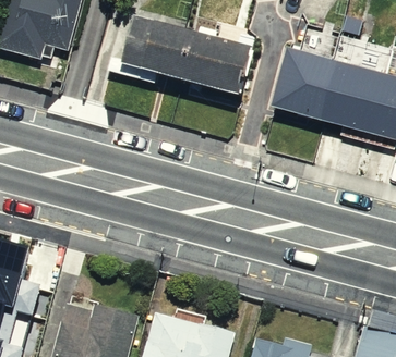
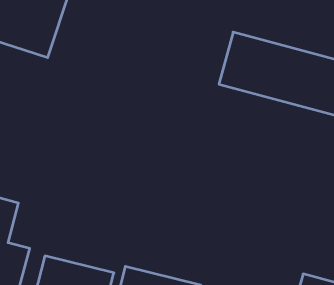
building: [121,23,264,108] -> none

